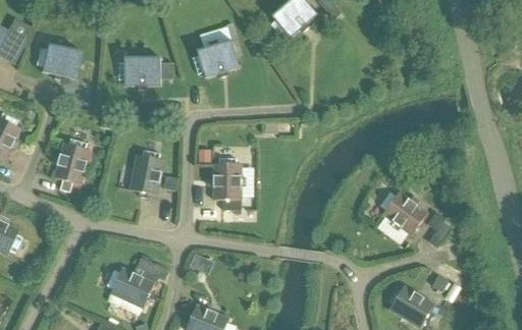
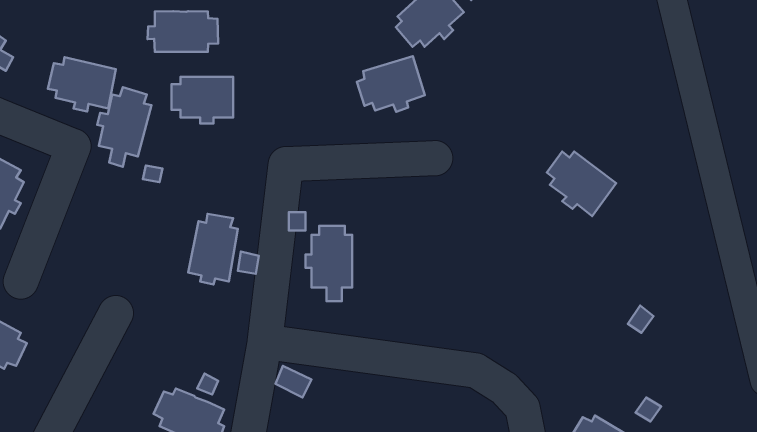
building: none -> [147,11,218,52]
building: [193,39,239,76] -> [357,56,425,112]
building: [53,136,90,190] -> [97,87,151,167]
building: [380,190,427,234] -> [547,152,616,216]

